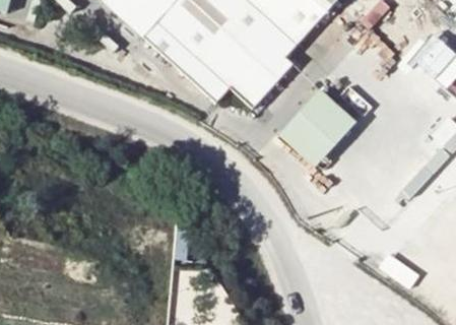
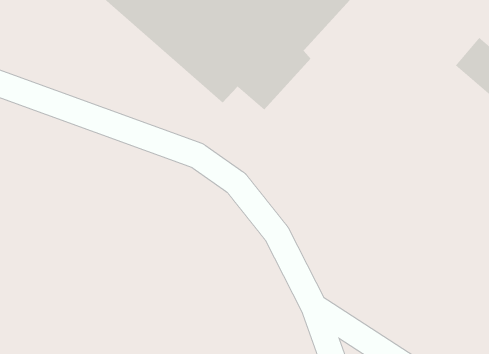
building: [278,88,357,169] -> none

